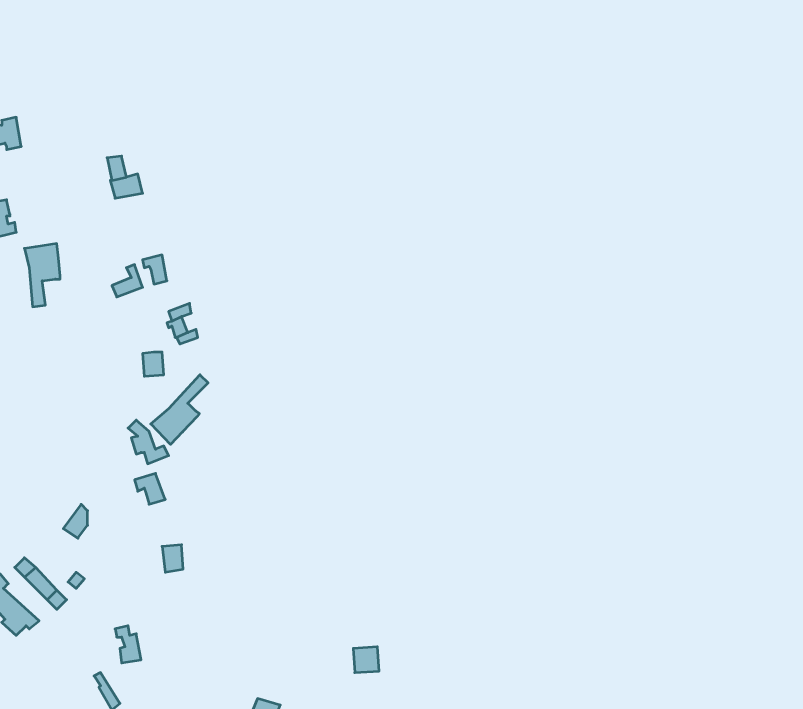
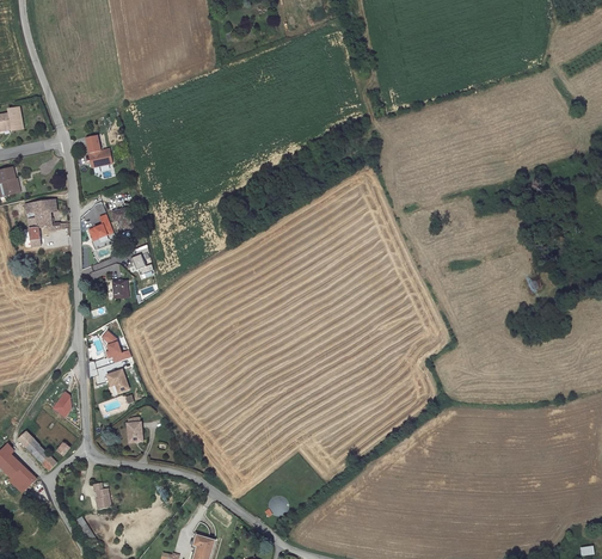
building: [151,375,208,444] -> none

